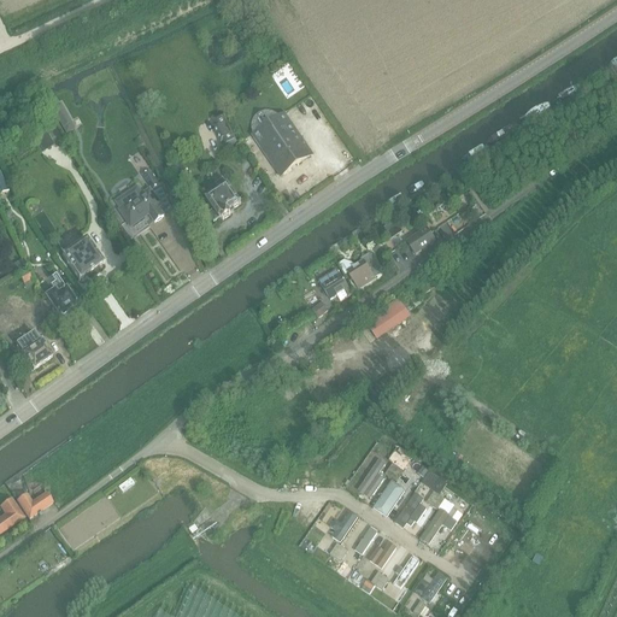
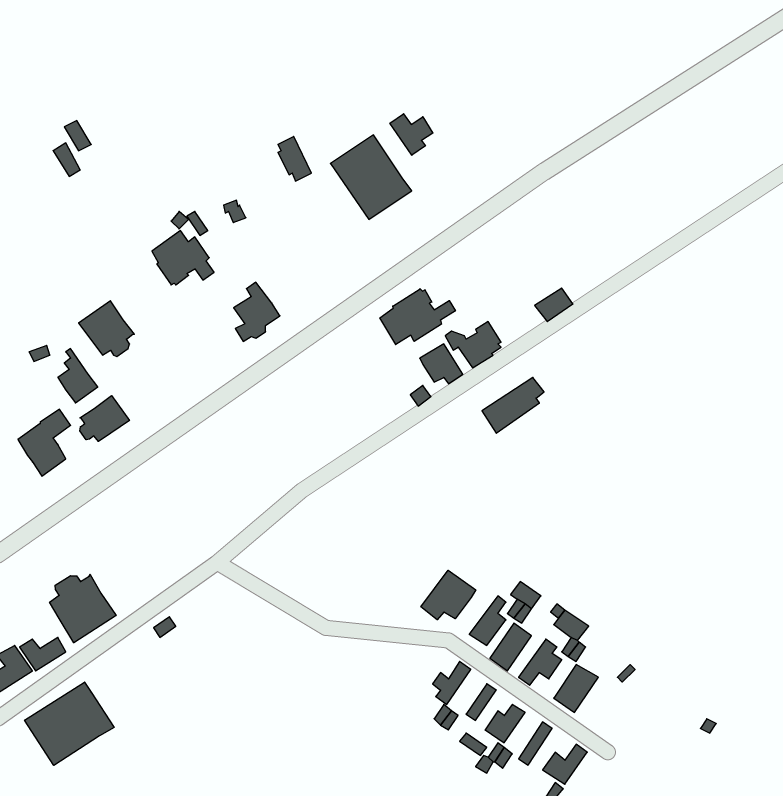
building: none -> [390,114,433,155]
building: [205,175,240,219] -> [234,282,280,341]
building: none -> [380,289,455,345]
building: none -> [80,396,129,441]
building: none -> [421,570,476,620]
building: none -> [50,574,116,643]
building: none -> [25,682,114,765]

